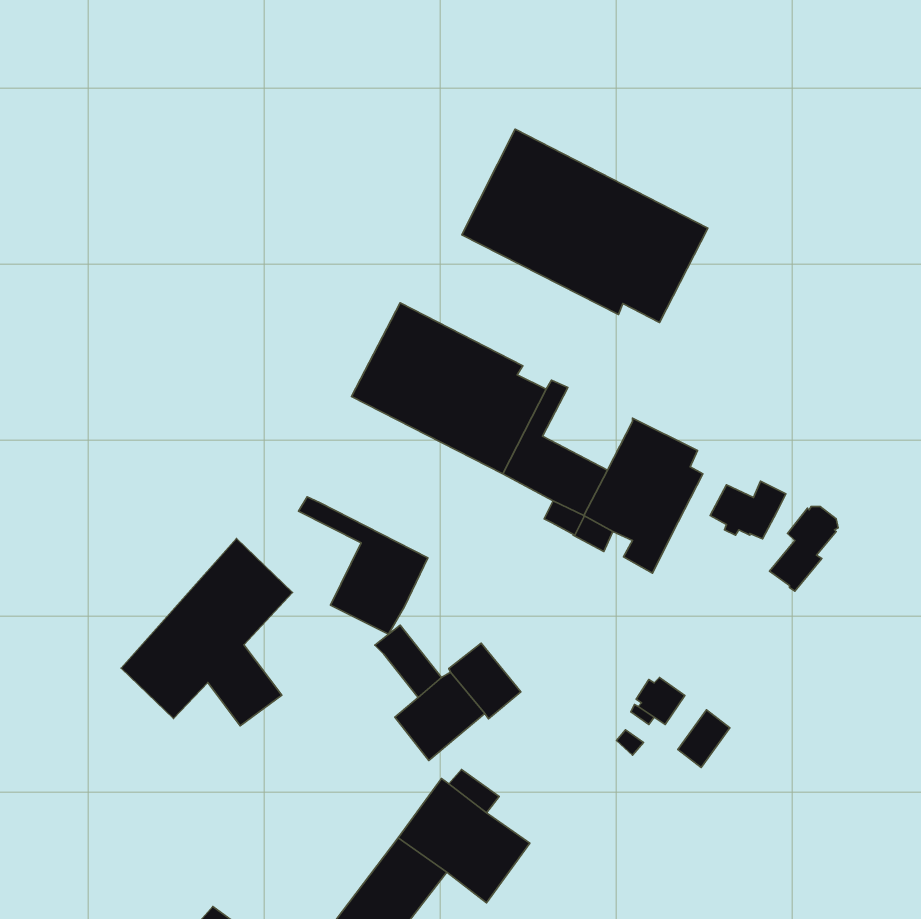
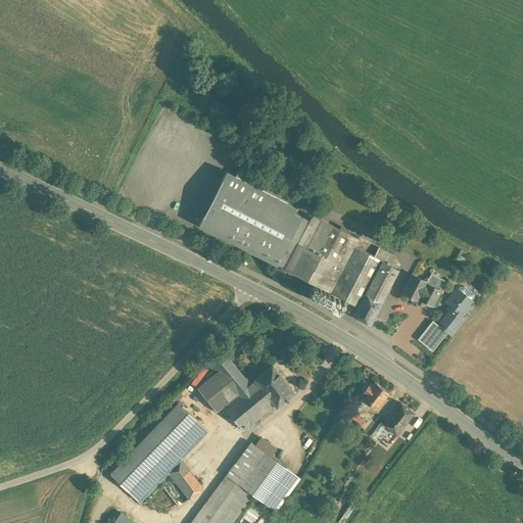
building: [462,129,708,323] -> none
building: none -> [307,221,359,268]
building: [298,497,428,634] -> none
building: [121,538,293,726] -> [111,401,208,508]
building: none -> [418,323,447,347]
building: none -> [197,372,237,414]

